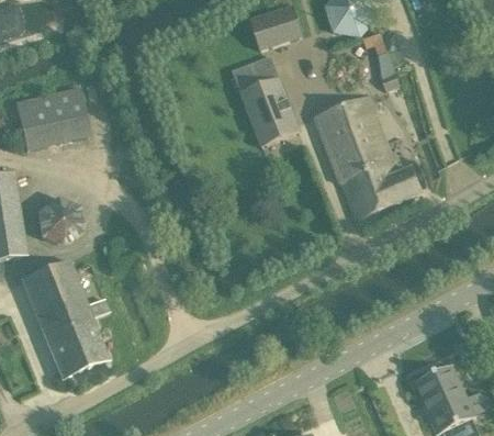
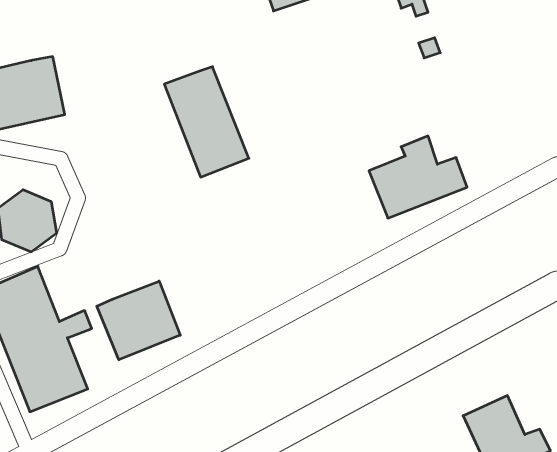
building: [231,56,300,146] -> [164,67,249,177]
building: [312,93,386,181] -> none
building: none -> [97,281,180,360]

